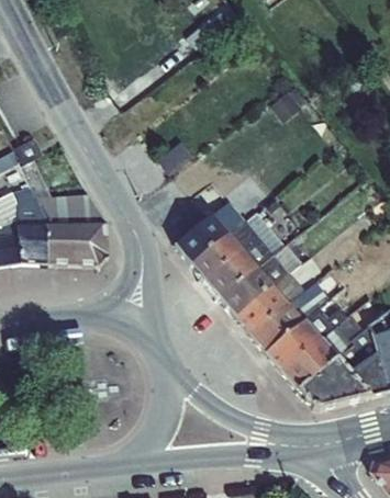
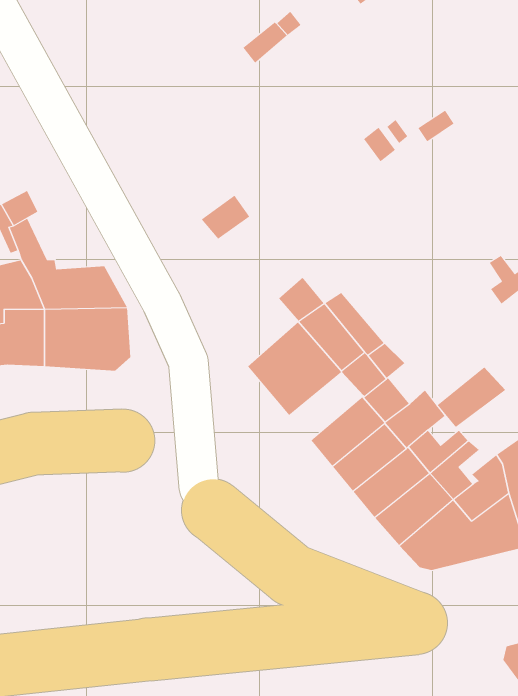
building: [176,215,227,263] -> none
building: none -> [437,366,506,428]
building: [221,268,274,316] -> none

